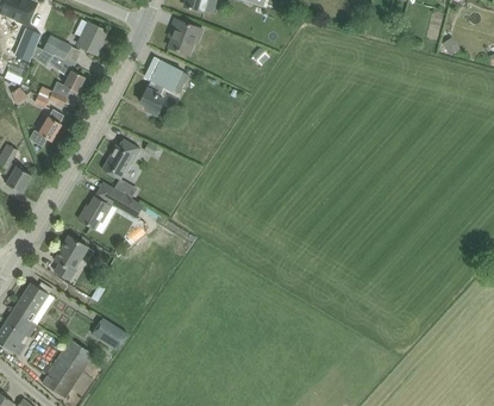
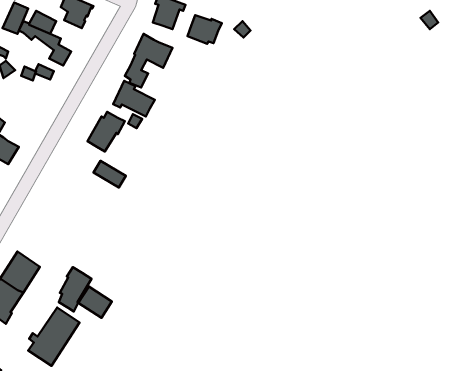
building: none -> [187,15,222,44]
building: none -> [113,81,155,117]
building: [27,108,63,146] -> none
building: [77,196,110,229] -> none
building: [54,236,87,281] -> [59,267,91,311]

